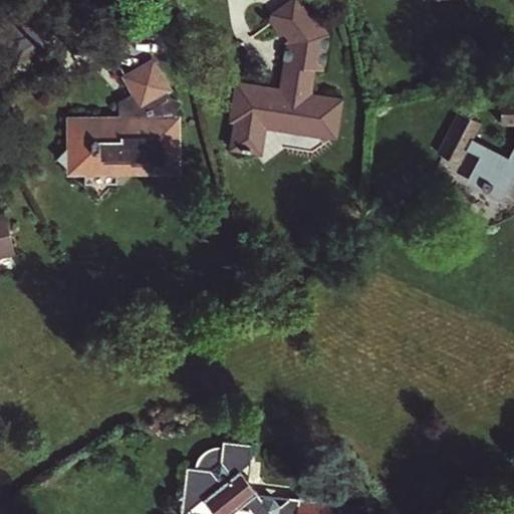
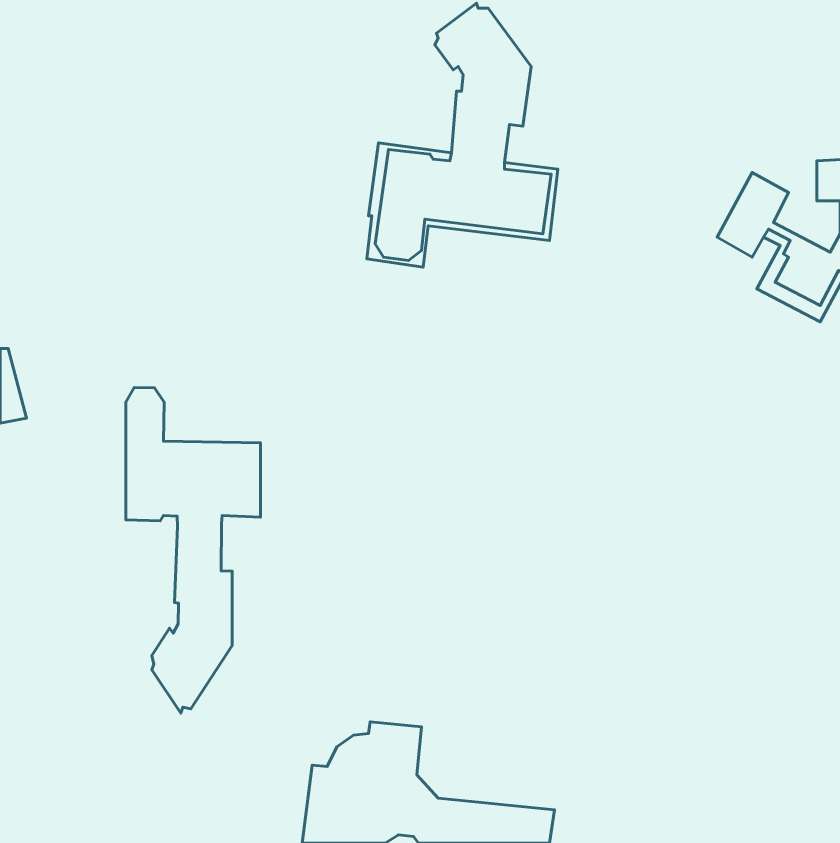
building: [56,58,182,183] -> none
building: none -> [126,388,261,713]

